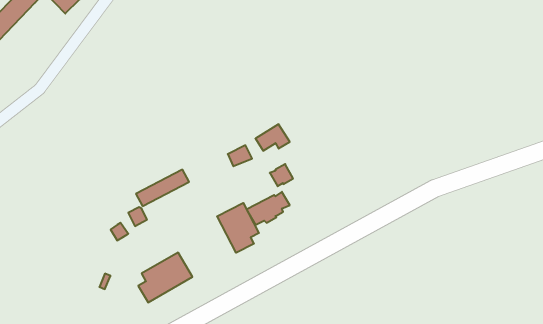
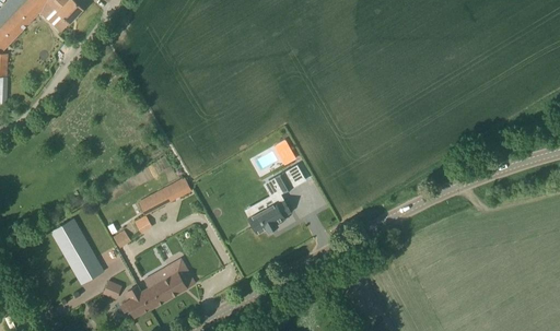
building: [217,203,259,253] -> none
building: none -> [50,218,104,284]
building: none -> [120,285,151,317]

